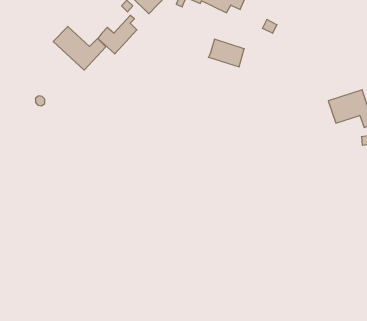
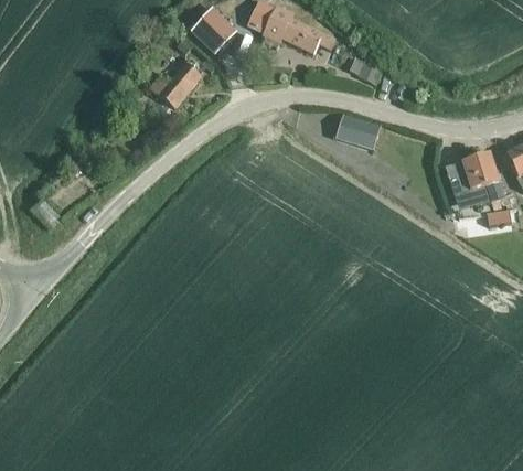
building: [53,26,106,70] -> none
building: [208,39,244,67] -> [335,114,382,149]

